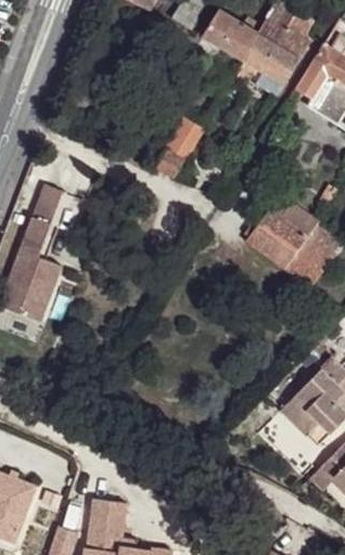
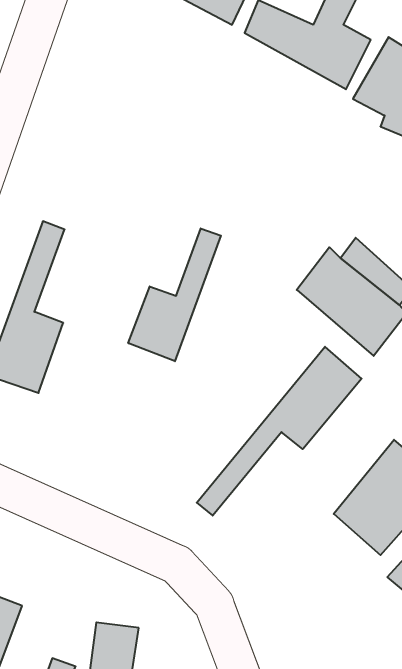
building: [161,117,205,175] -> none
building: none -> [128,228,221,361]
building: none -> [197,347,362,516]

